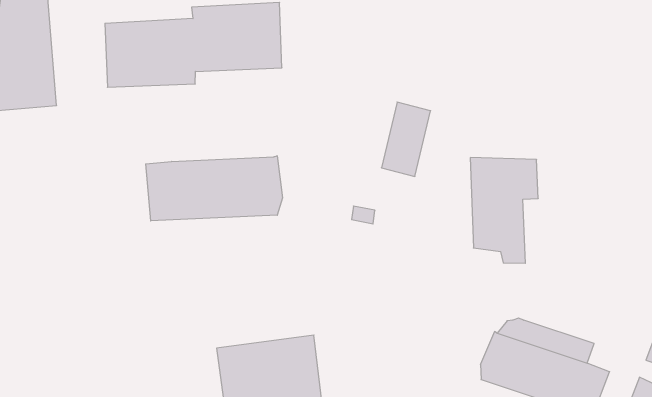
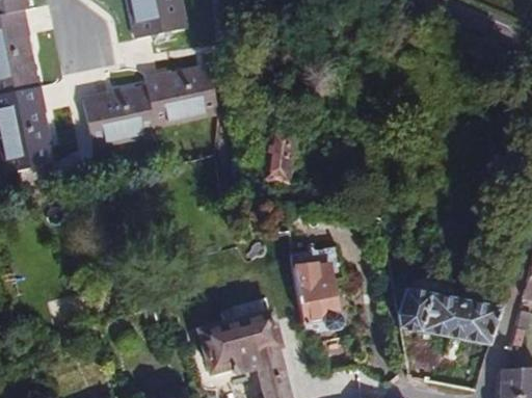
building: [381,102,431,176] -> [264,127,295,181]
building: [146,156,282,221] -> none
building: [470,158,538,263] -> [291,247,346,328]

